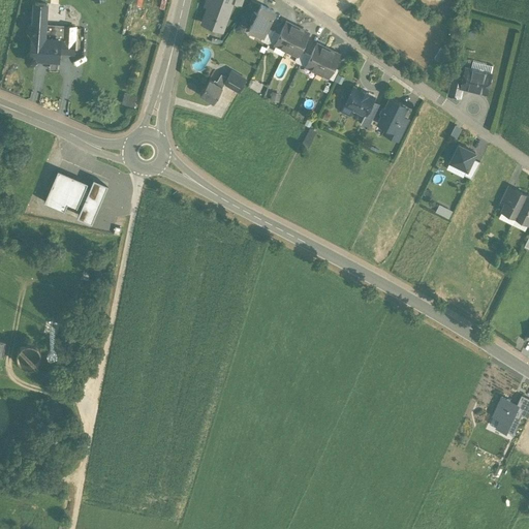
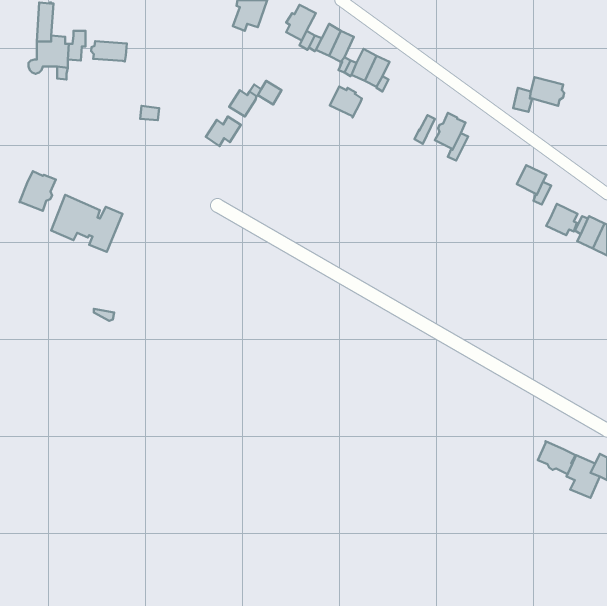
building: none -> [91,41,127,61]
building: [345,88,373,115] -> [330,87,362,117]
building: none -> [206,116,241,146]
building: none -> [20,171,56,211]
building: none -> [546,204,578,235]
building: none -> [538,441,575,474]

